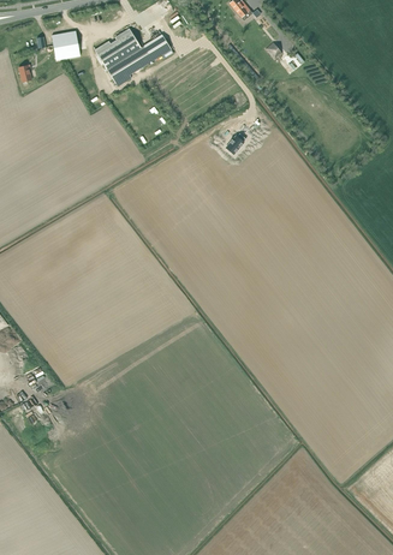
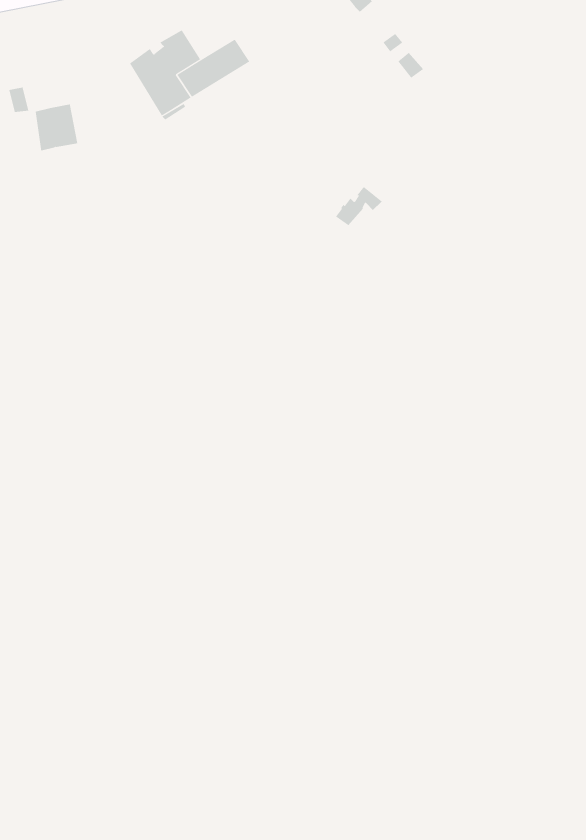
building: [52,31,79,61] -> [35,104,78,151]

